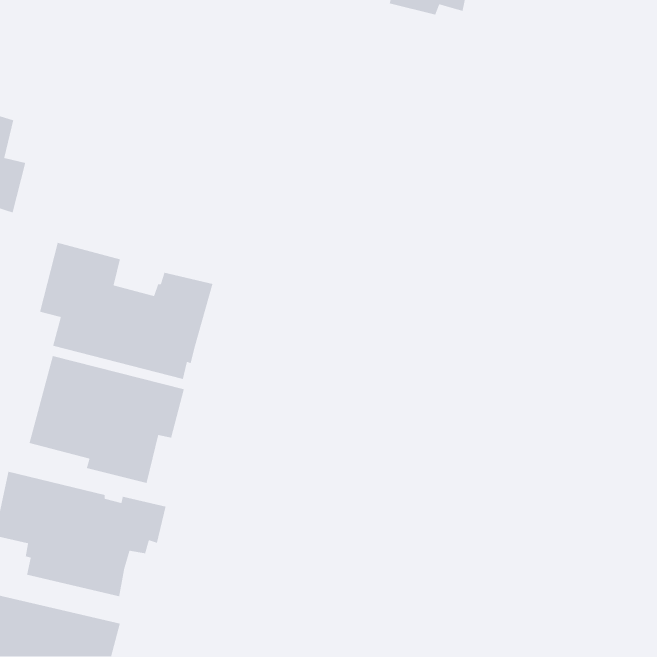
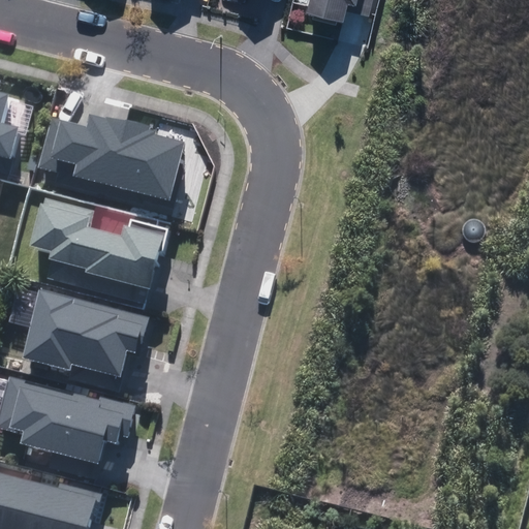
building: none -> [37,114,187,204]

